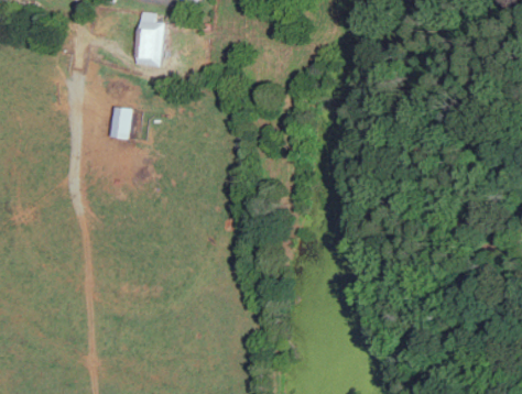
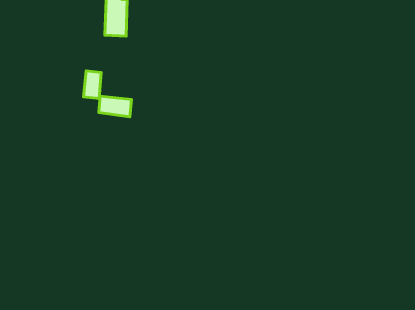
building: none -> [99,96,131,117]

